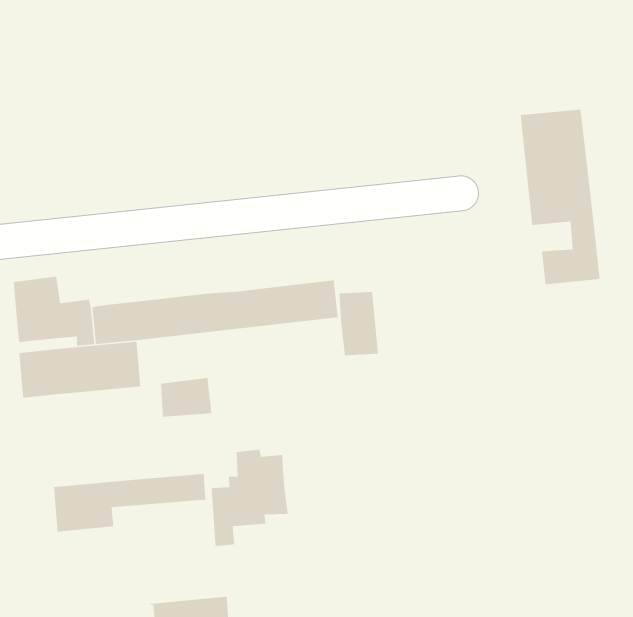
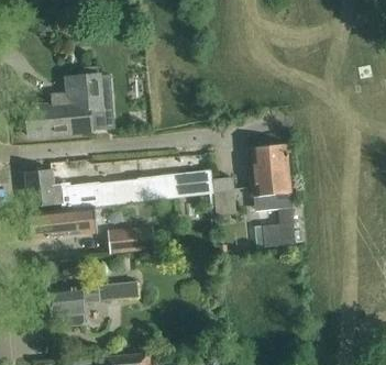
building: [520,109,600,285] -> [251,144,297,245]
building: none -> [26,74,102,135]
building: [211,449,288,547] -> none

